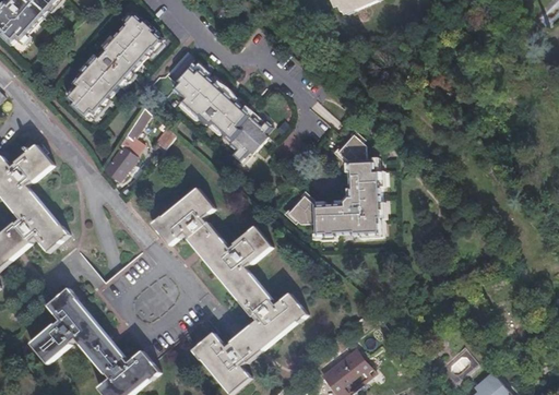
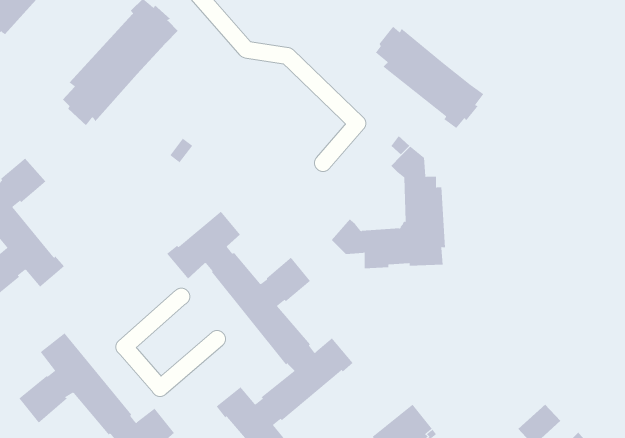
building: none -> [375,26,484,129]
building: [170,63,271,165] -> none
building: [103,107,148,180] -> none

